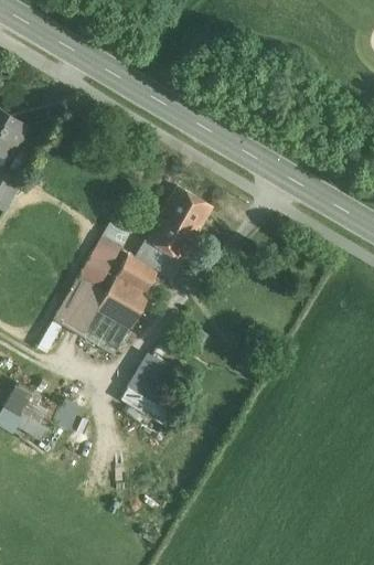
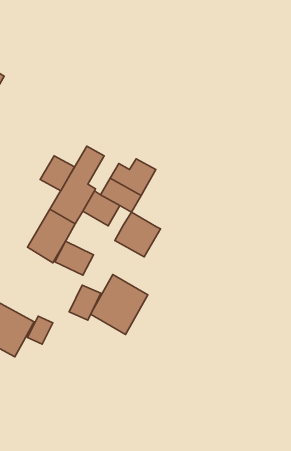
building: [154,190,211,234] -> none
building: none -> [40,156,75,191]
building: [95,281,147,332] -> [115,212,161,257]
building: none -> [69,285,101,320]

